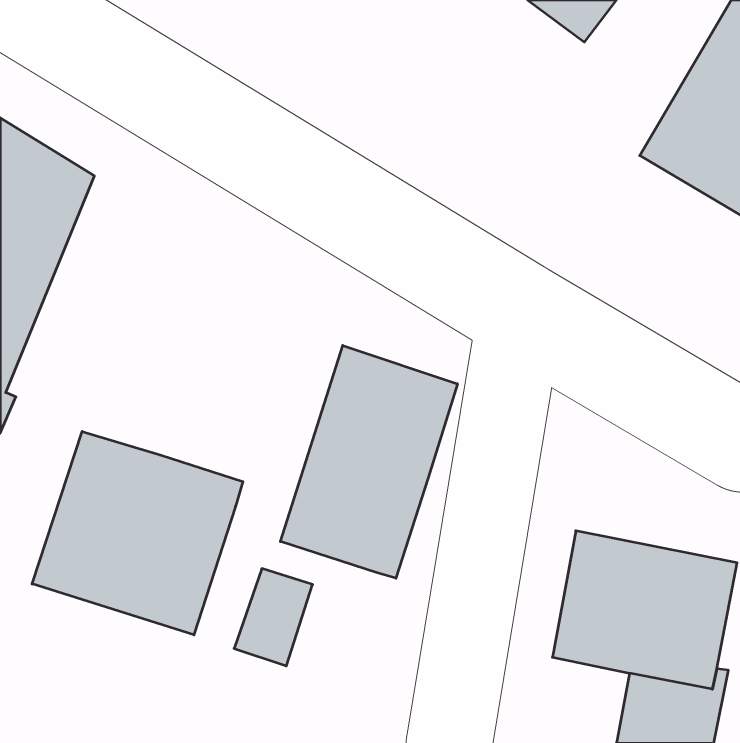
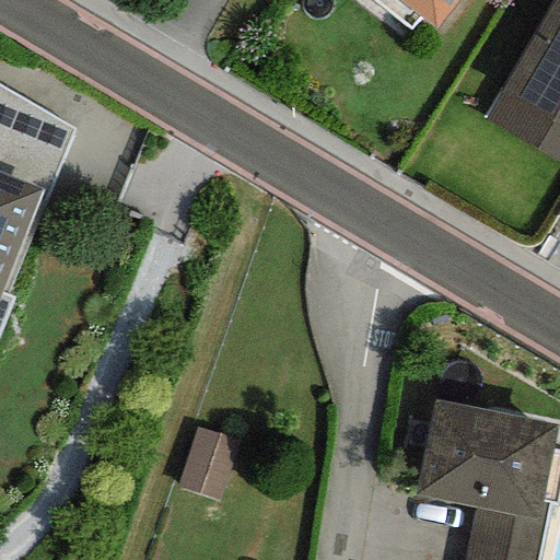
building: [280,345,457,578] -> none
building: [32,431,243,635] -> none

